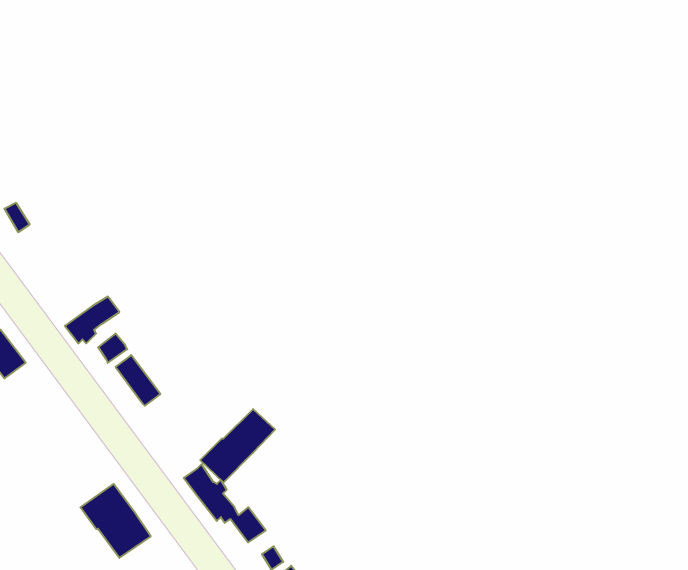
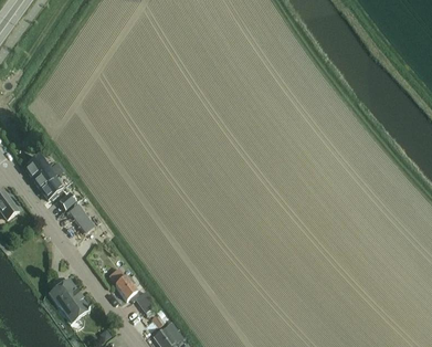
building: none -> [23,155,62,188]
building: [200,409,275,482] -> none

